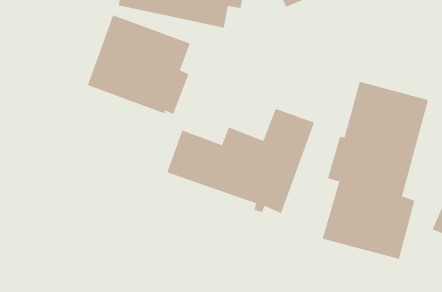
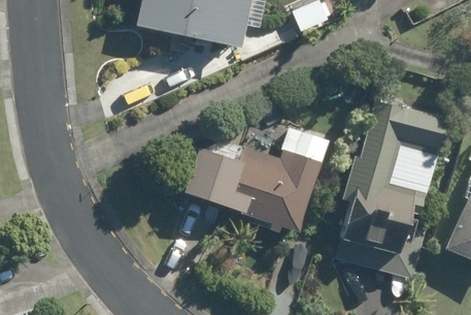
building: [87,15,191,115] -> none

